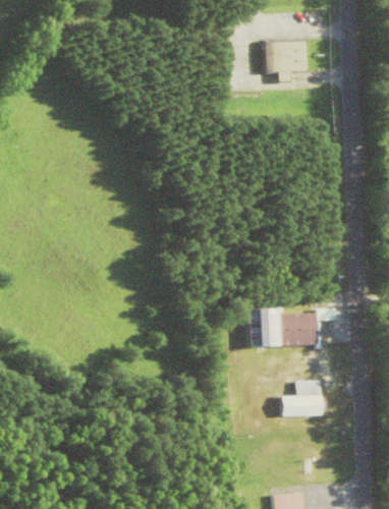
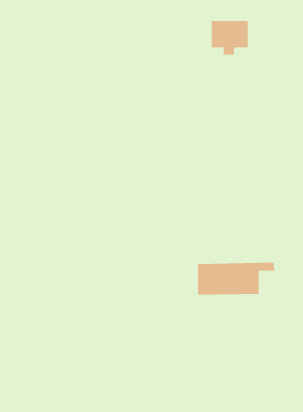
building: [282,381,322,416] -> none

